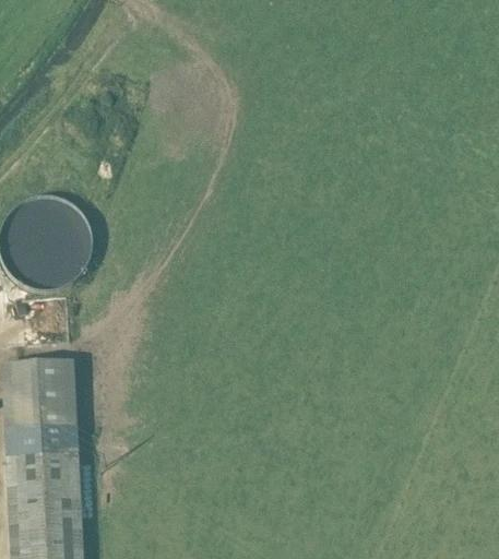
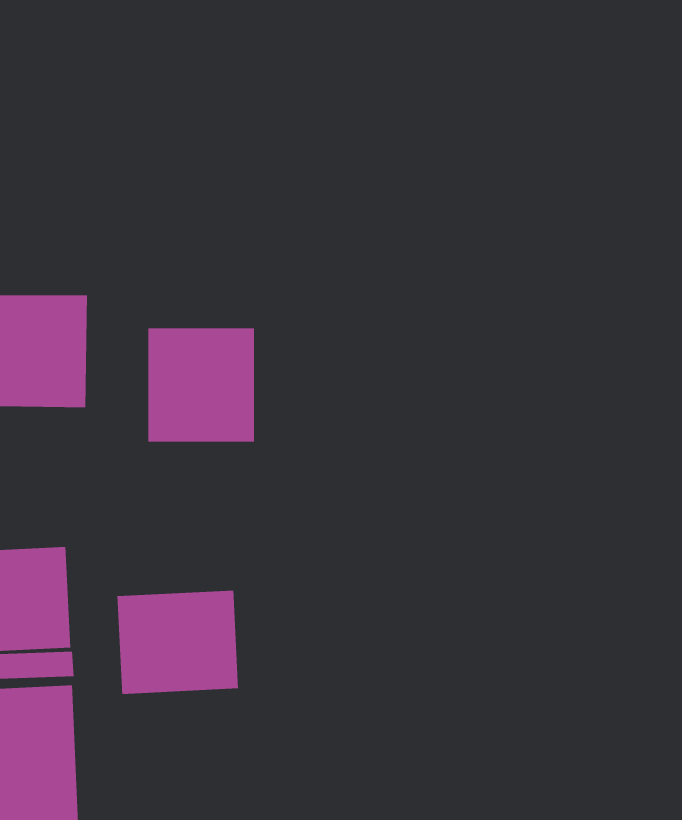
building: none -> [148,328,254,443]
building: none -> [117,590,239,695]

